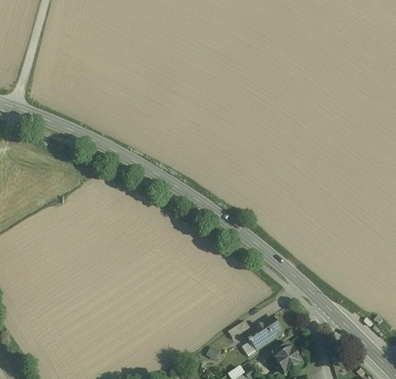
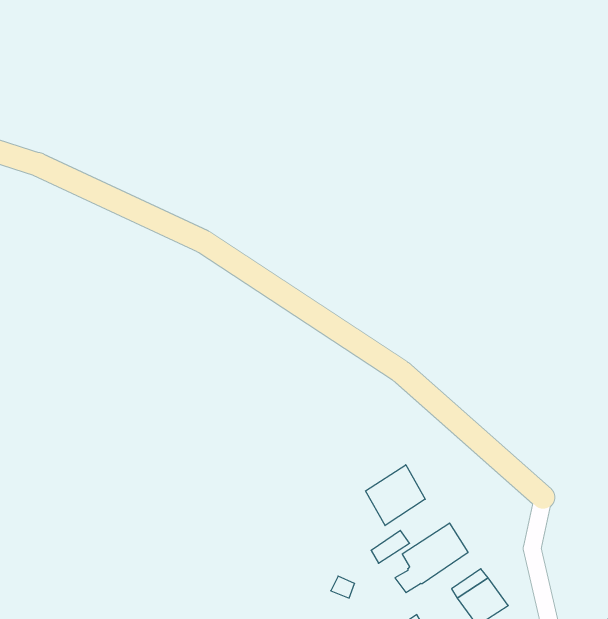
building: none -> [366,465,425,526]

